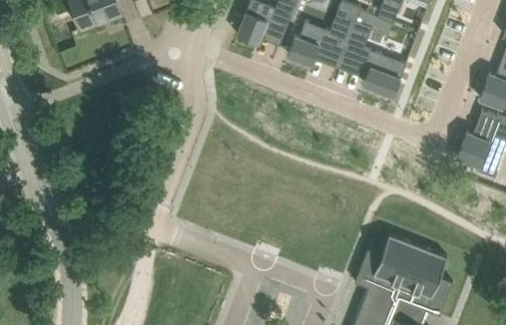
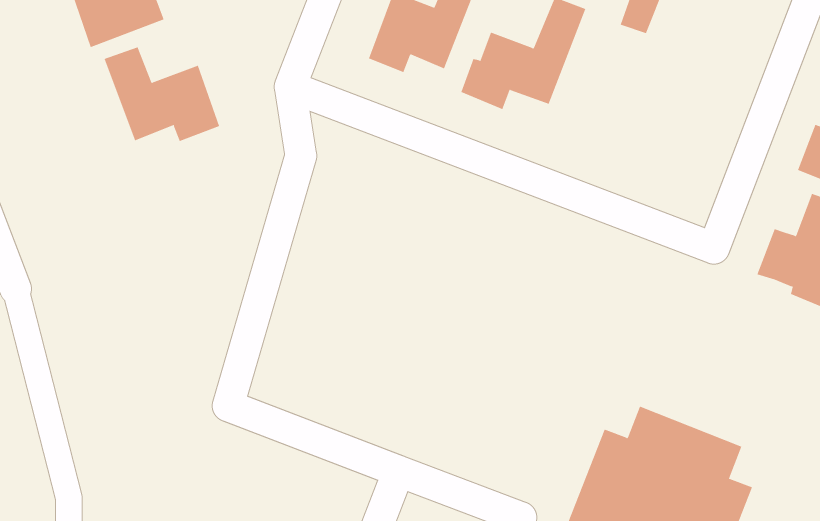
building: [340,8,407,96] -> none
building: none -> [104,47,220,142]

